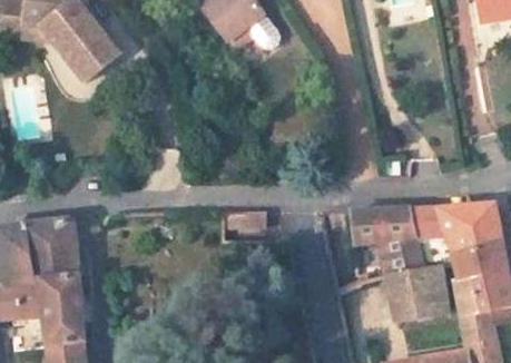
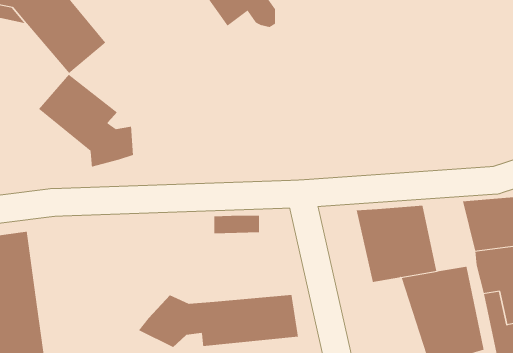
building: none -> [38,74,134,168]
building: [419,199,465,262] -> none
building: none -> [138,294,298,348]

